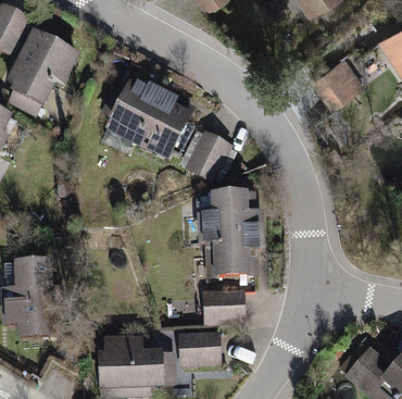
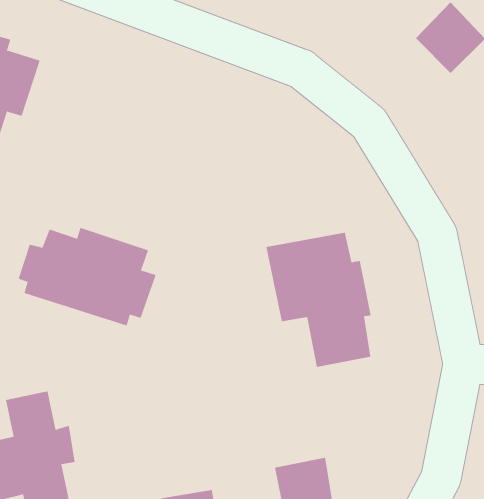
building: [103,87,191,157] -> [18,227,156,326]
building: [186,134,228,177] -> none
building: [203,290,241,322] -> none

